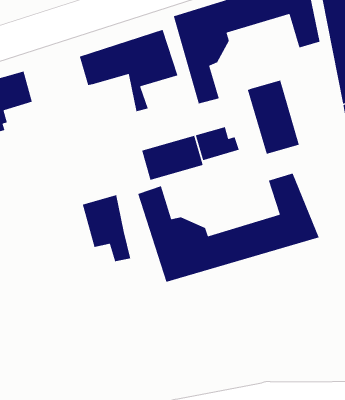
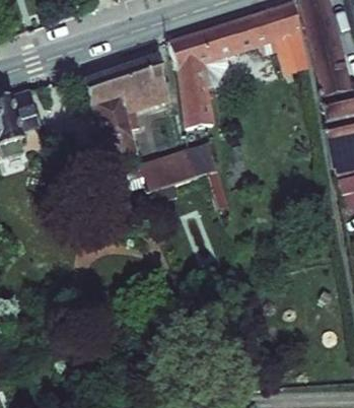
building: [247,80,300,155] -> none
building: [137,173,320,283] -> none
building: [82,194,131,262] -> [96,94,142,157]

